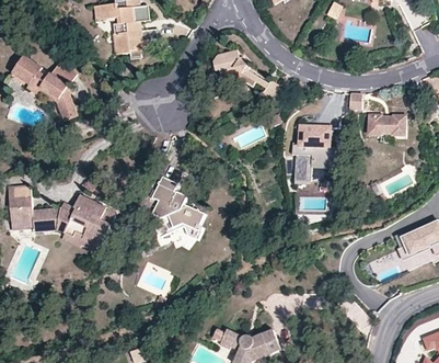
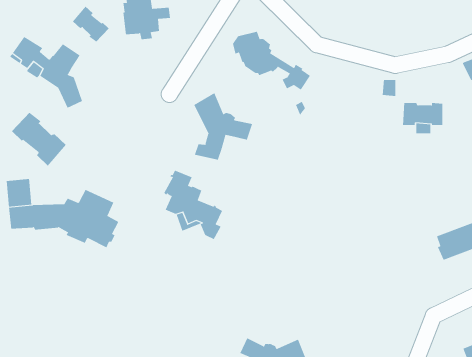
building: none -> [72,6,110,43]
building: none -> [194,92,253,161]
building: none -> [11,112,66,166]
building: [291,127,337,182] -> none

